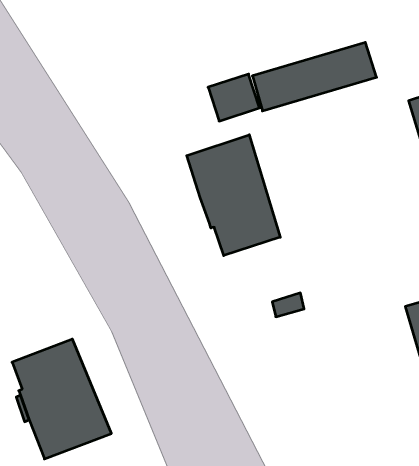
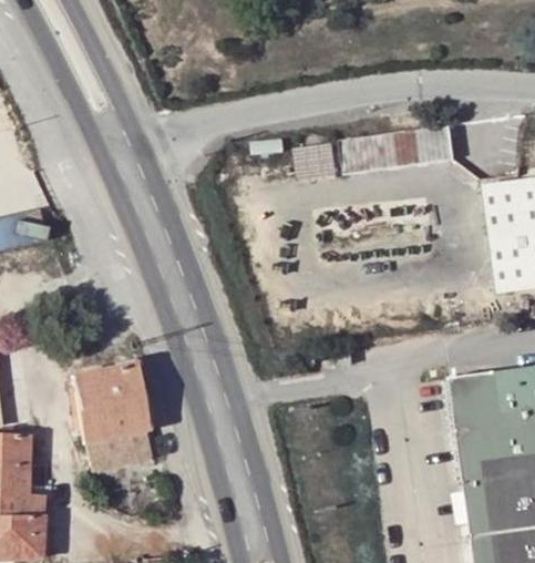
building: [187,135,280,256] -> none

